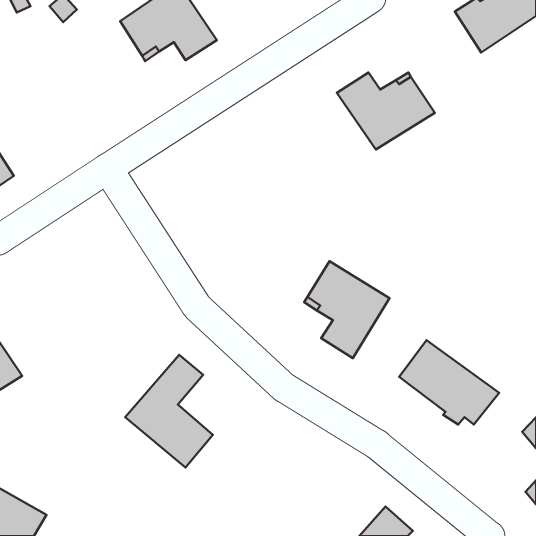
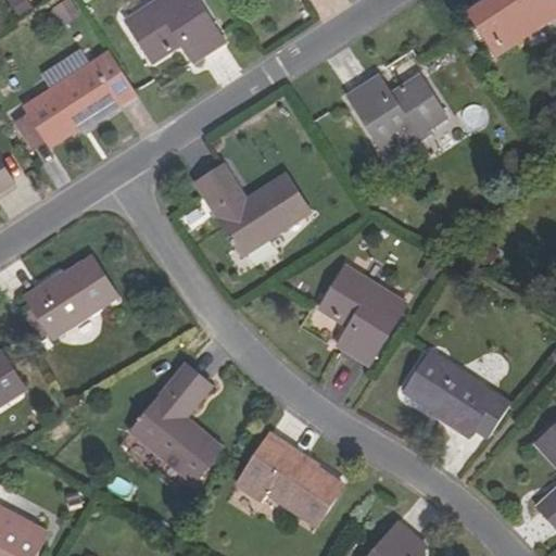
building: none -> [23,51,137,147]
building: none -> [194,164,308,253]
building: none -> [23,256,117,339]
building: none -> [247,439,339,523]

